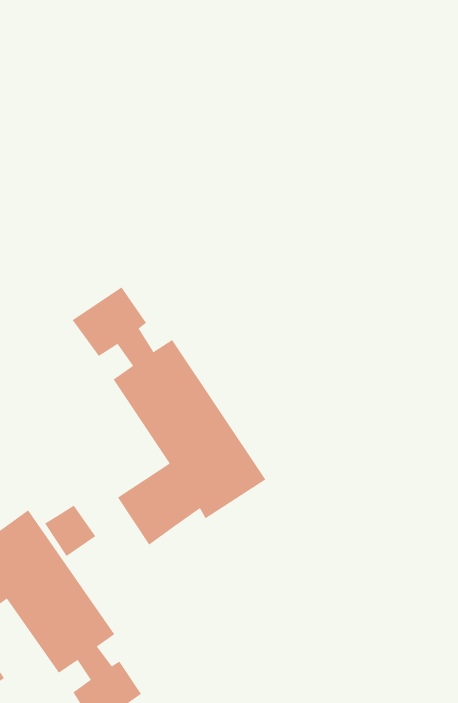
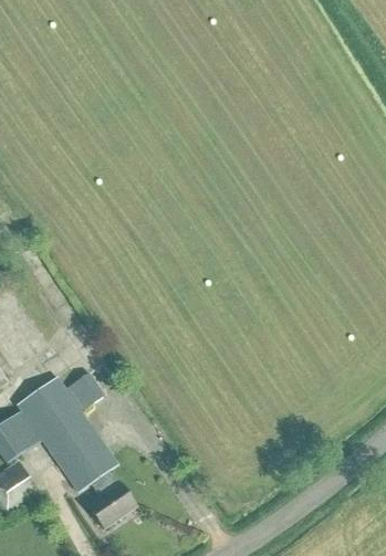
building: [72,287,266,546] -> none

